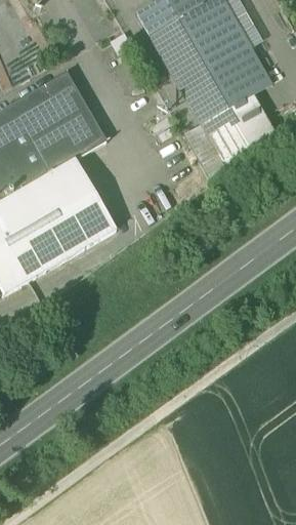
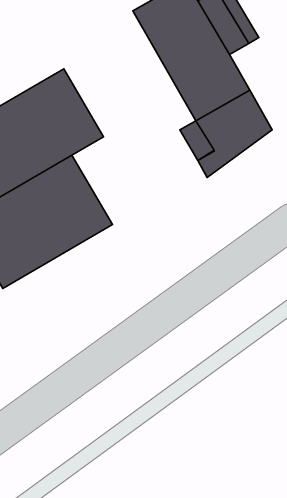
building: [232,45,271,92] -> none

